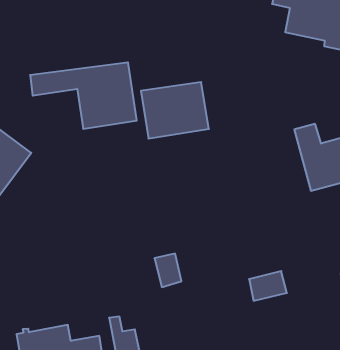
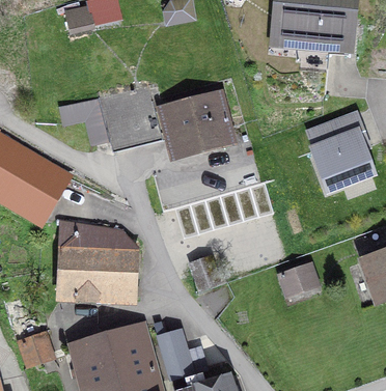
building: none -> [60,221,139,300]

